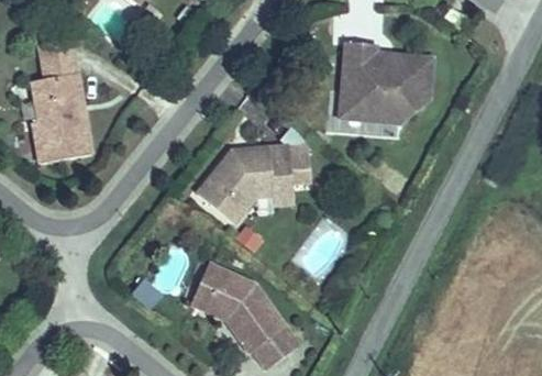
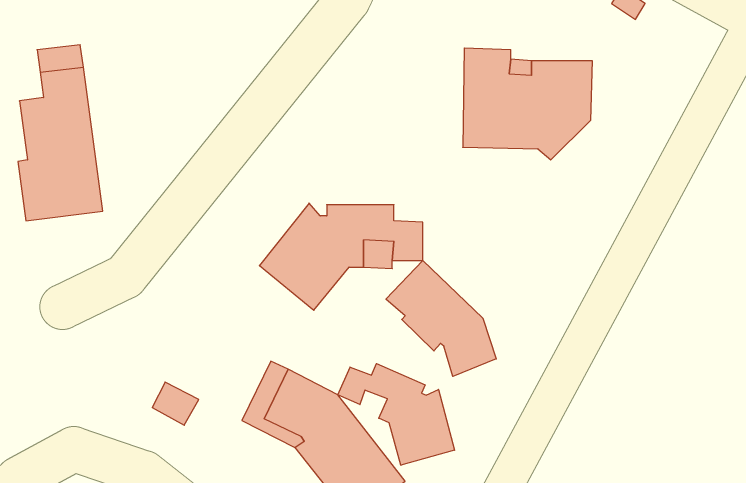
building: none -> [386,261,496,376]
building: none -> [338,364,455,465]

